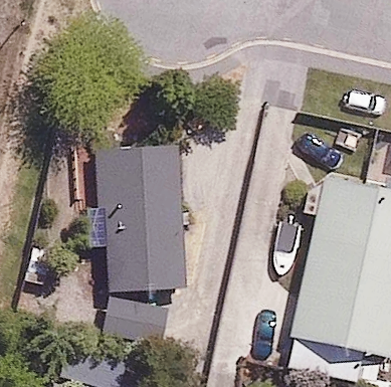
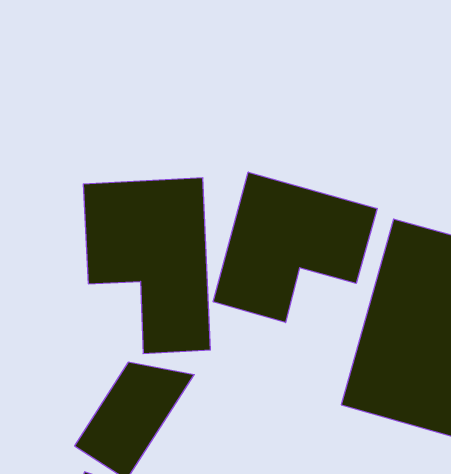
building: none -> [213,172,377,323]

